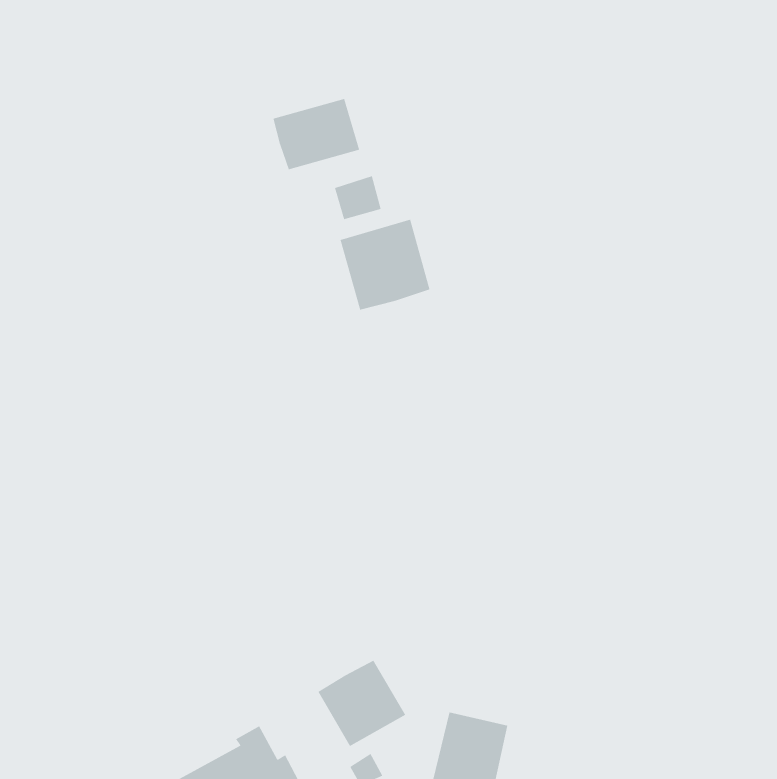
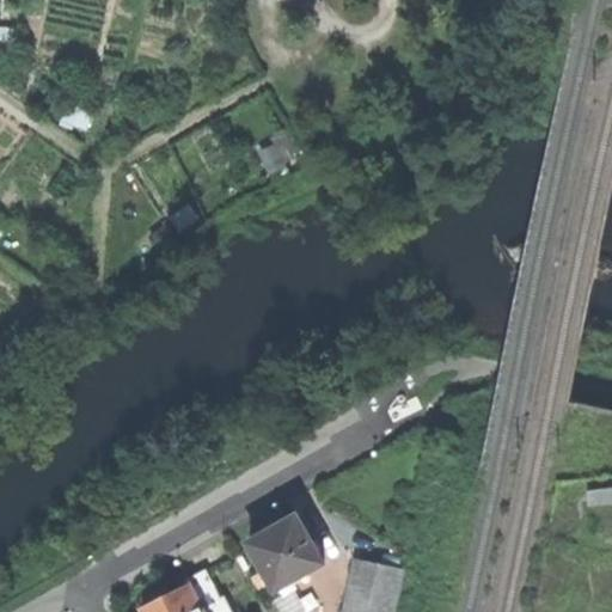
building: [273,98,360,170] -> none
building: [340,219,430,311] -> none

